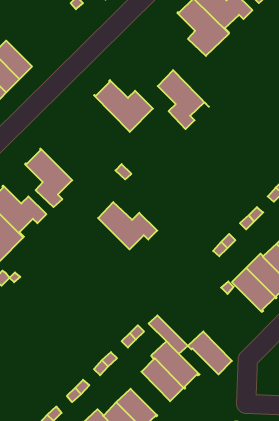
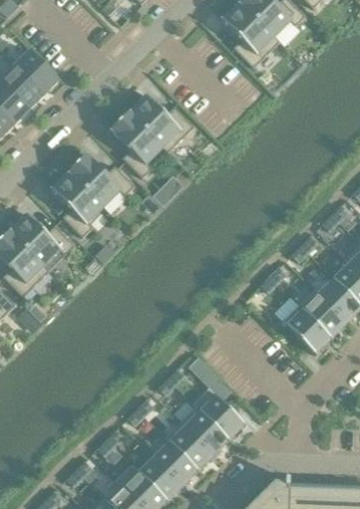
building: [158,70,209,129] -> [110,111,167,178]
building: [98,202,157,249] -> [68,154,134,207]
building: [188,331,232,374] -> [163,422,213,470]

